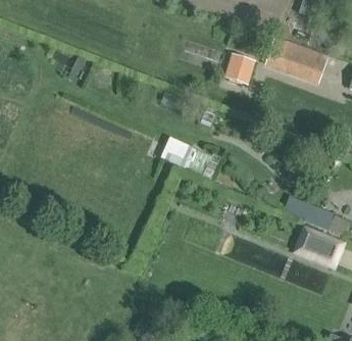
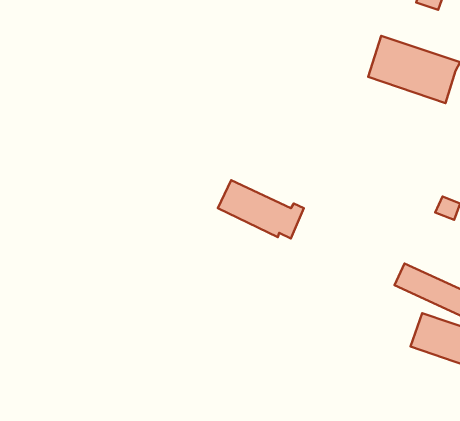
building: [224,54,255,84] -> none

